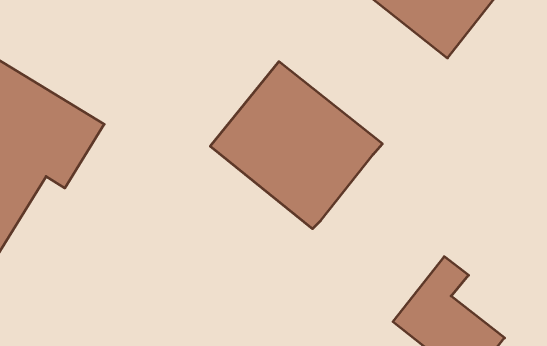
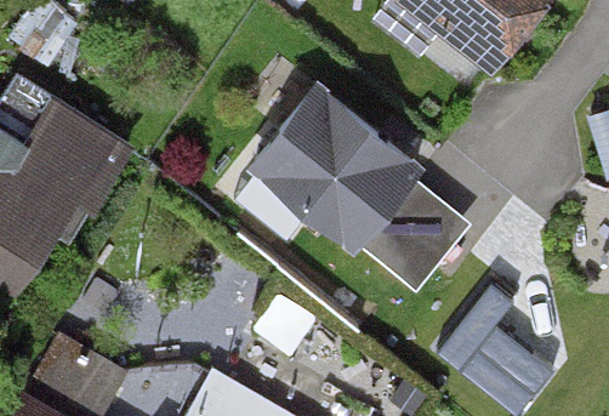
building: none -> [362,179,472,292]

